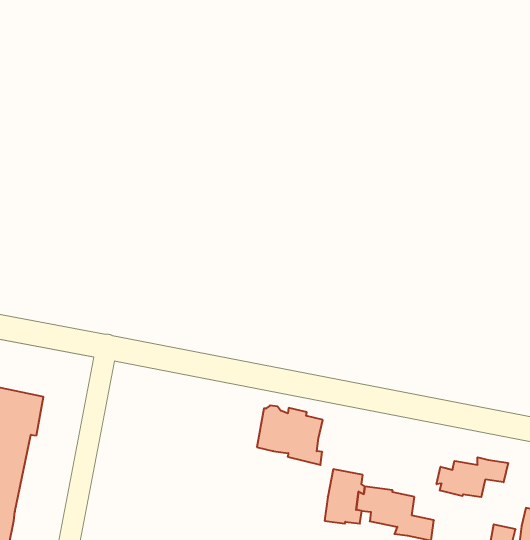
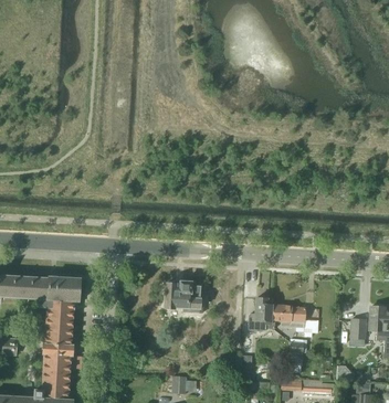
building: [257,405,323,465] -> [165,282,203,312]
building: [437,457,508,497] -> none

